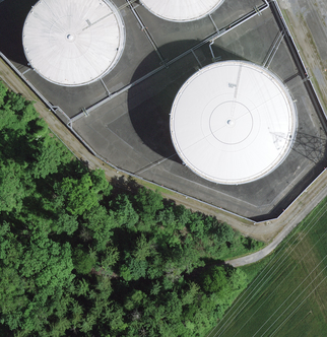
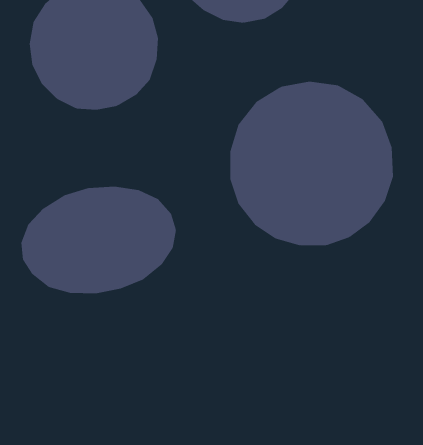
building: none -> [21,186,176,294]

